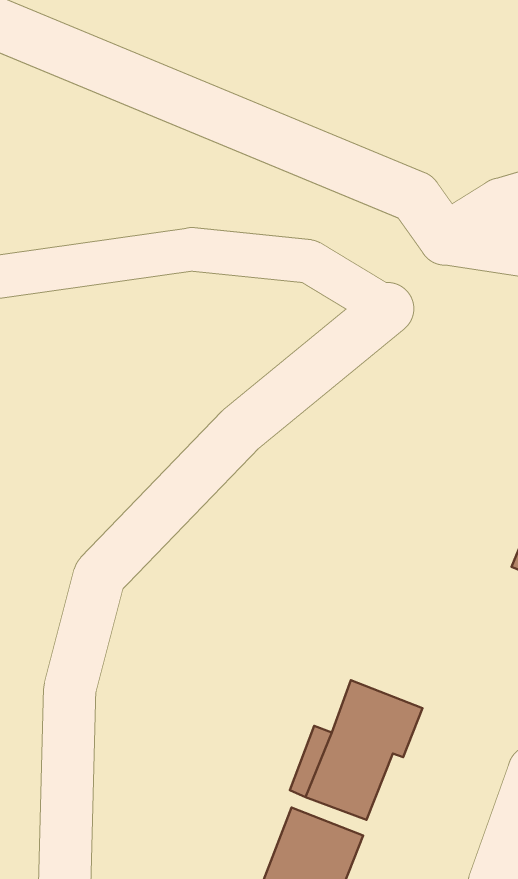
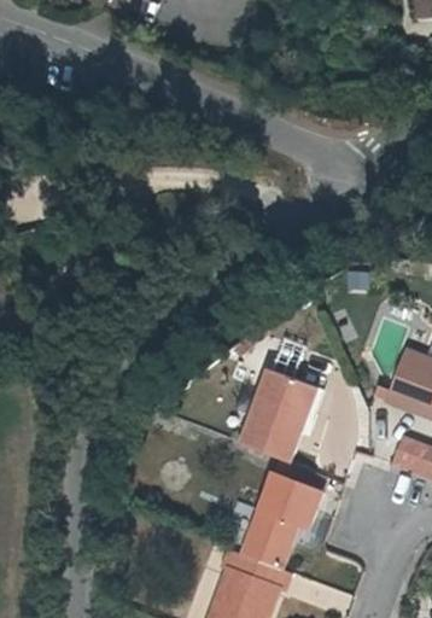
building: none -> [240,371,315,462]

